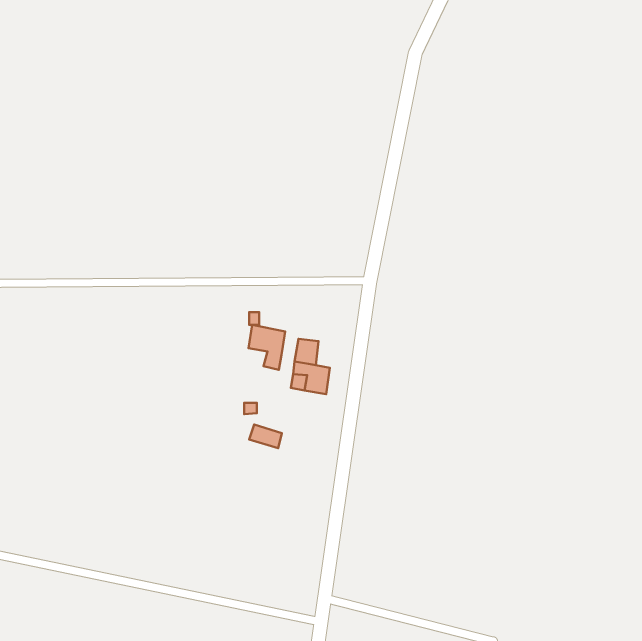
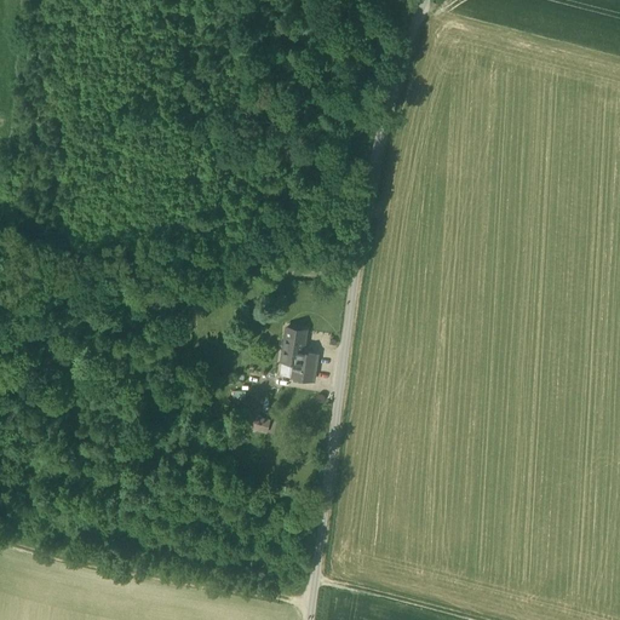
building: [248,325,285,370] -> none

